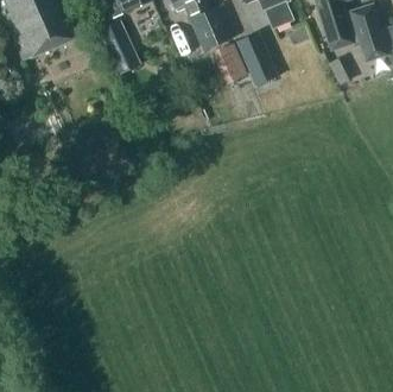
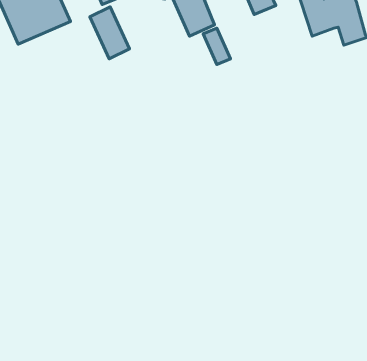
building: [236,31,278,86] -> none

